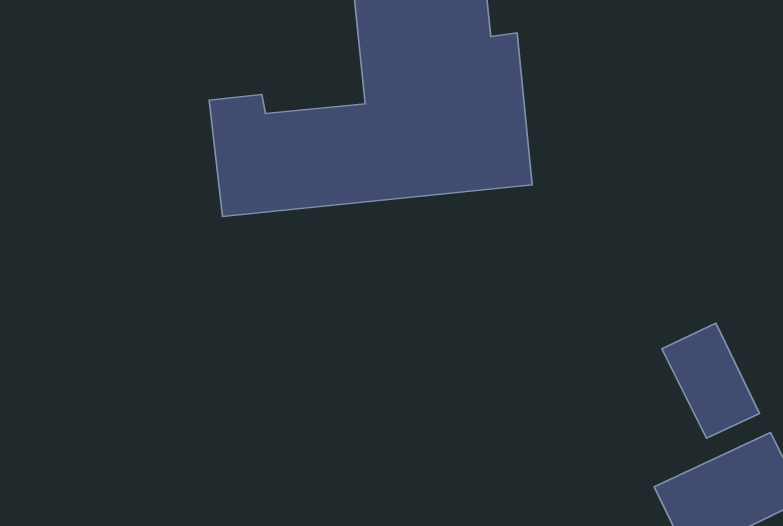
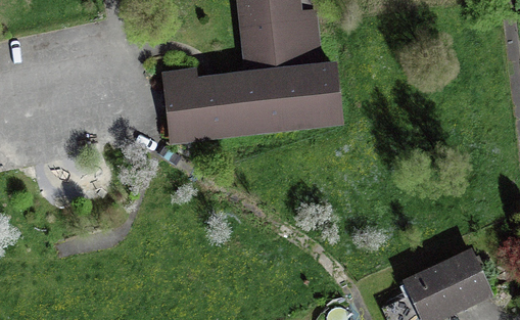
building: [662,323,759,438] -> none

